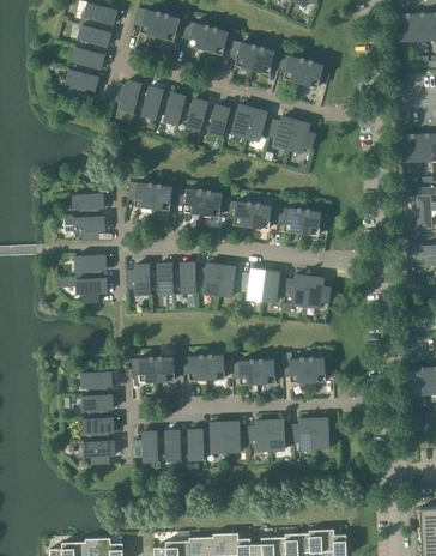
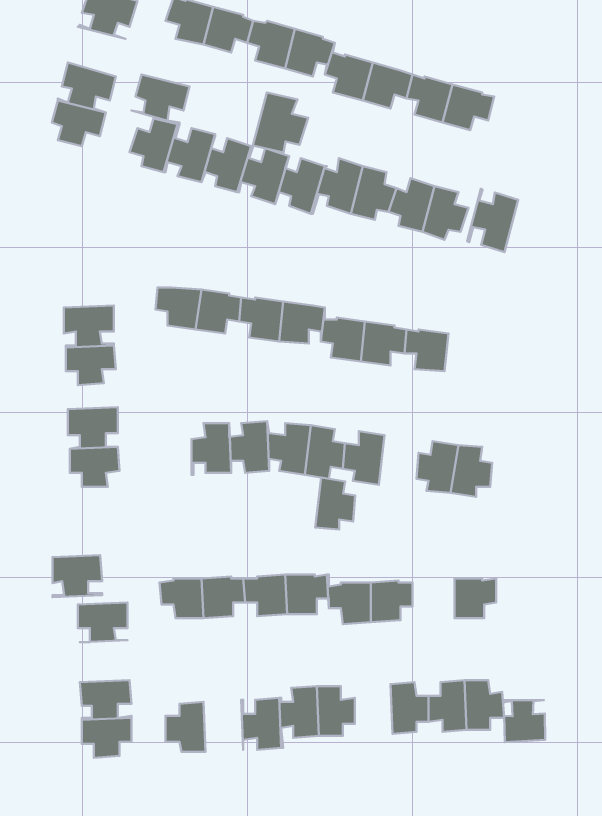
building: [75,25,110,55] -> [132,75,189,124]
building: none -> [253,92,308,153]
building: none -> [467,189,518,252]
building: [302,210,329,235] -> none
building: [126,265,150,295] -> none
building: [262,271,286,302] -> [315,478,355,529]
building: [283,357,308,382] -> none
building: [83,394,113,419] -> [52,555,102,597]
building: [248,421,271,451] -> none
building: [157,430,181,461] -> none
building: none -> [503,700,545,742]

